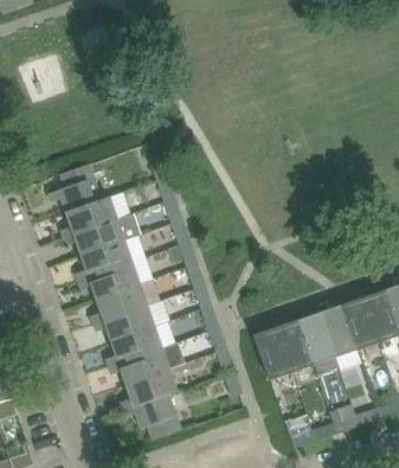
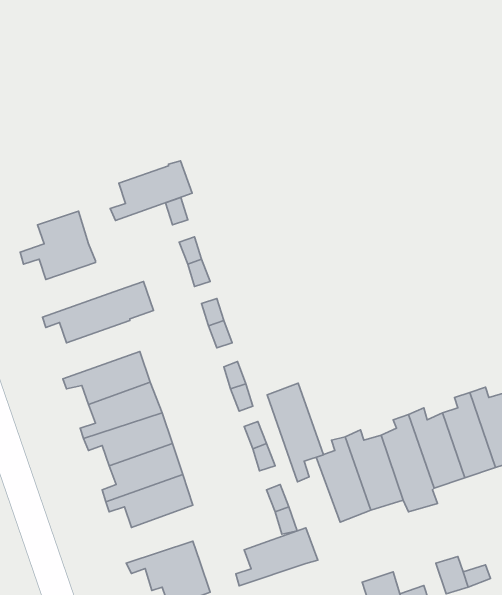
building: [60,198,117,239] -> [110,161,192,221]
building: [76,242,131,282] -> none
building: none -> [267,383,323,482]
building: [120,370,176,410] -> [236,528,318,586]

